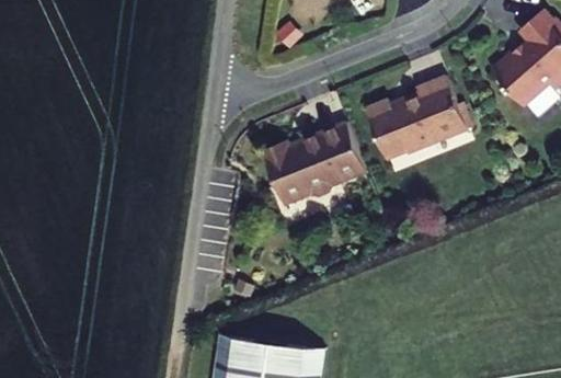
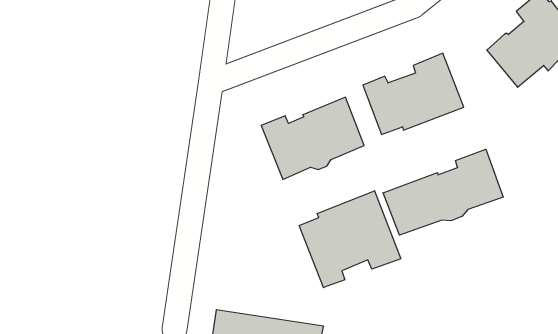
building: none -> [383,149,503,235]
building: none -> [299,191,401,288]

